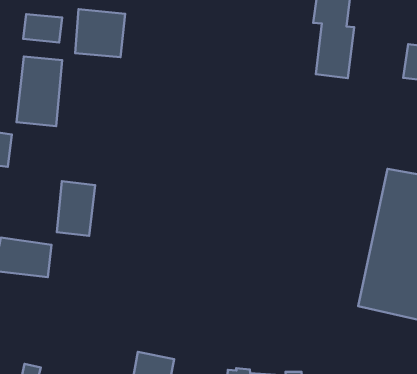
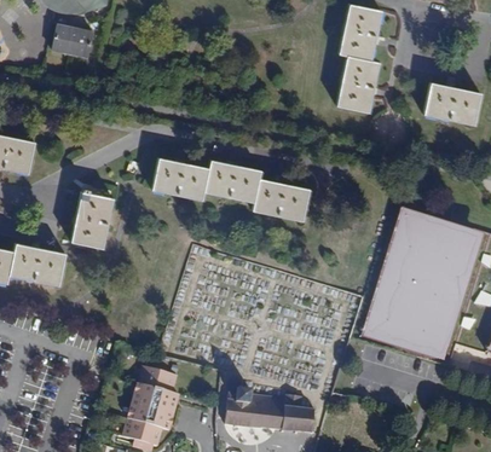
building: [75,9,125,57] -> none
building: [17,57,62,126] -> none
building: none -> [152,157,308,221]

